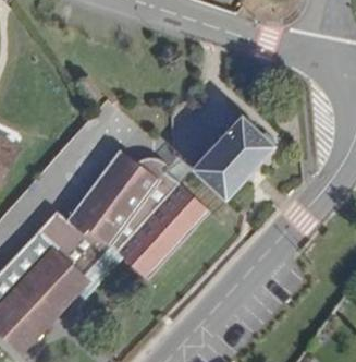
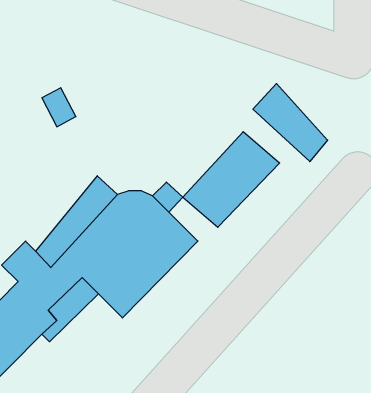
building: none -> [253,84,328,162]

